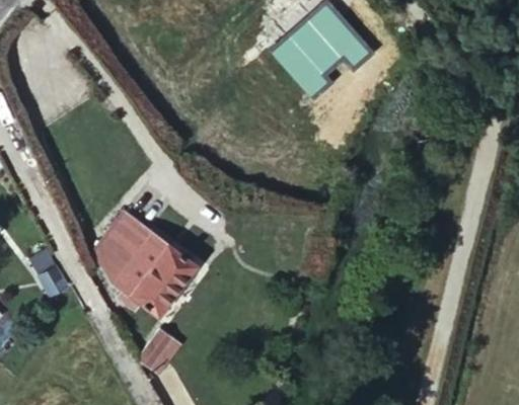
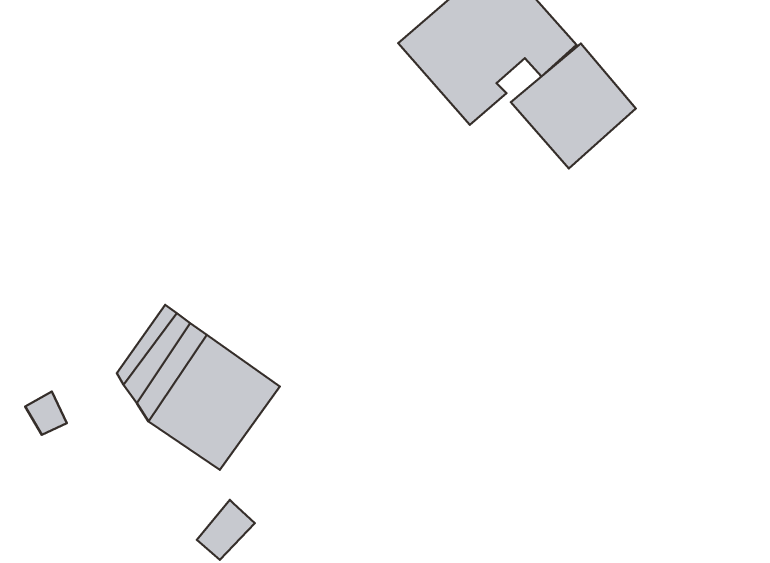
building: none -> [511,43,636,168]

